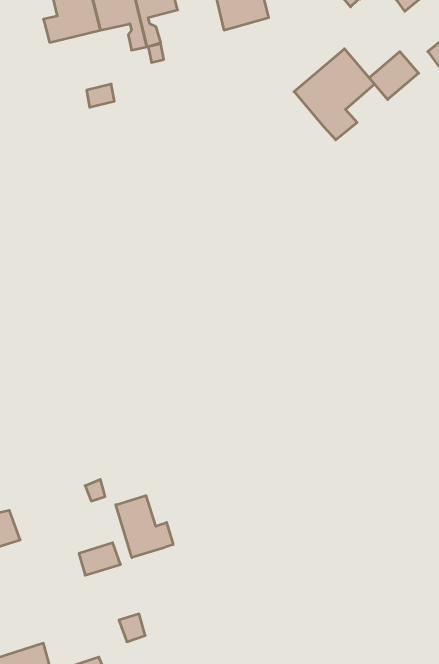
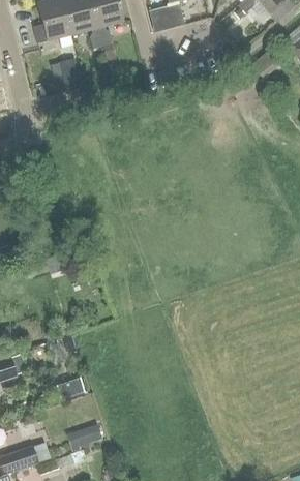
building: [294,49,374,140] -> none
building: [116,496,173,558] -> none

